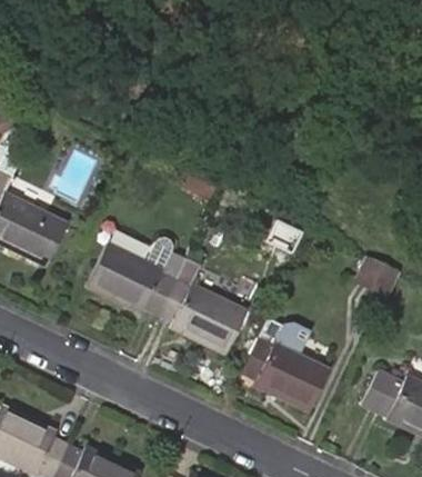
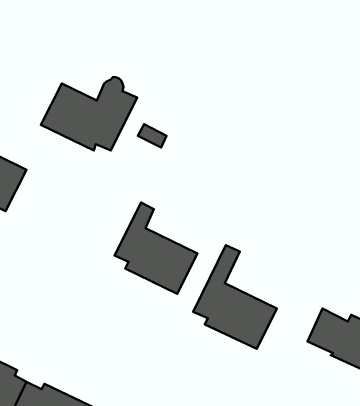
building: [87,237,188,314] -> [41,77,137,150]
building: [355,255,398,296] -> none

